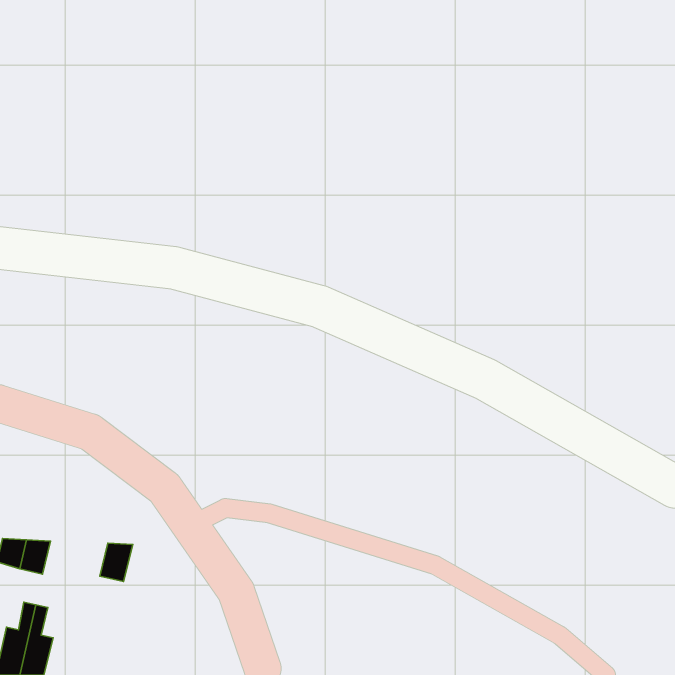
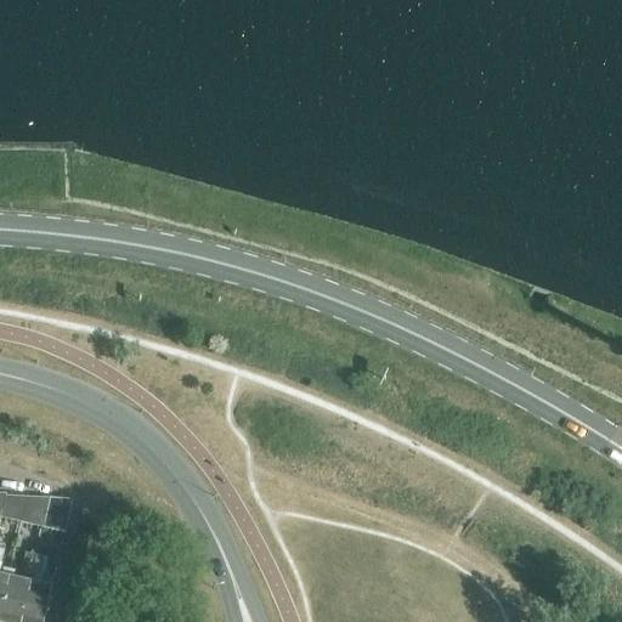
building: [100,543,133,582] -> [39,496,69,531]

